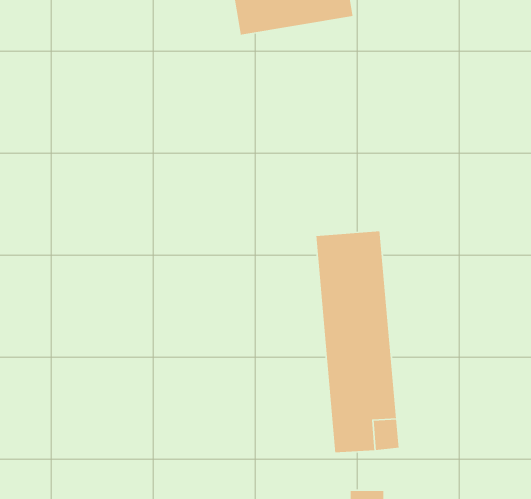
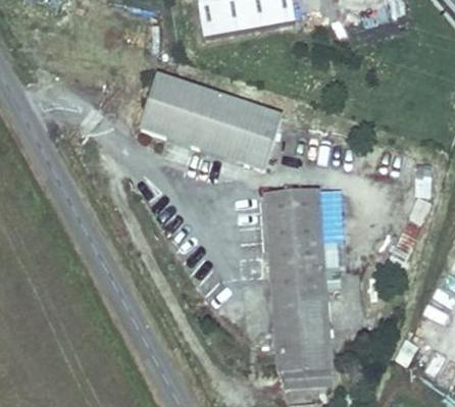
building: none -> [140,77,281,167]

